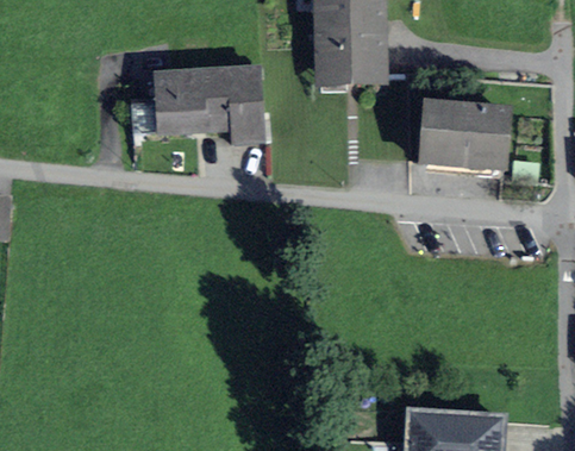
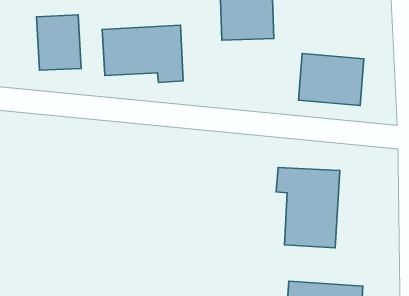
building: none -> [37,15,81,70]
building: none -> [276,167,340,248]

